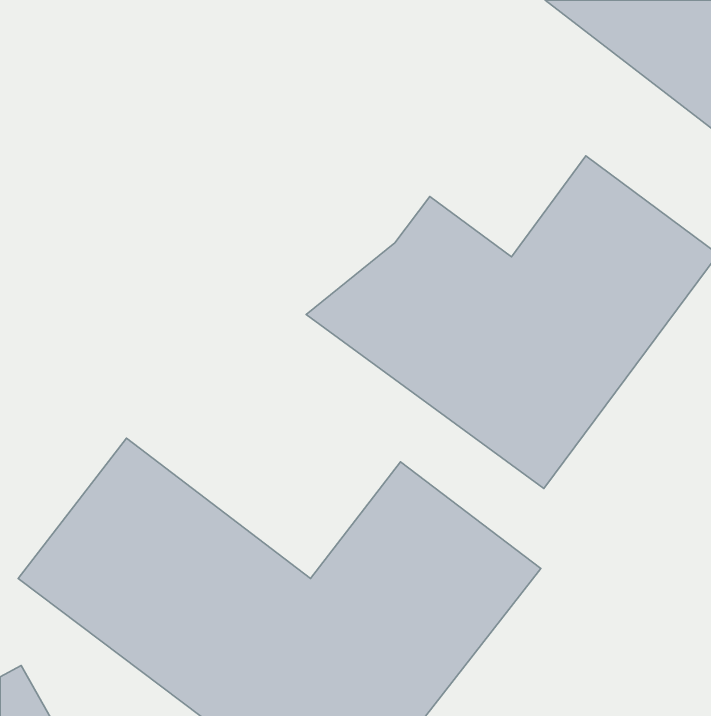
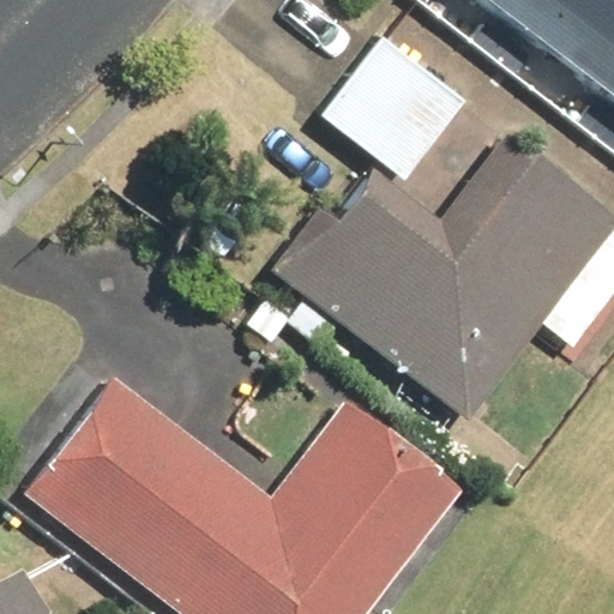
building: none -> [323,36,468,181]

